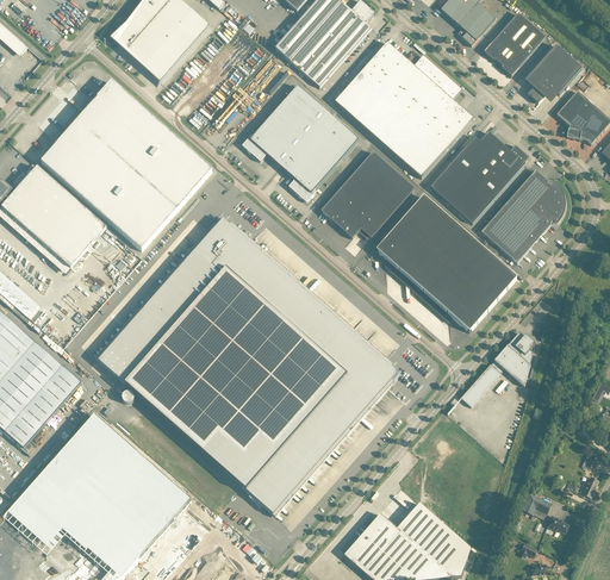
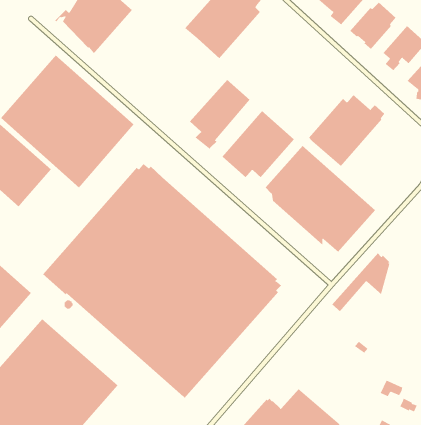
building: [334,40,473,176] -> none
building: [241,83,328,164] -> none
building: [480,168,562,261] -> none

